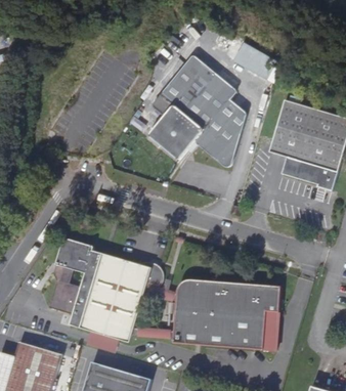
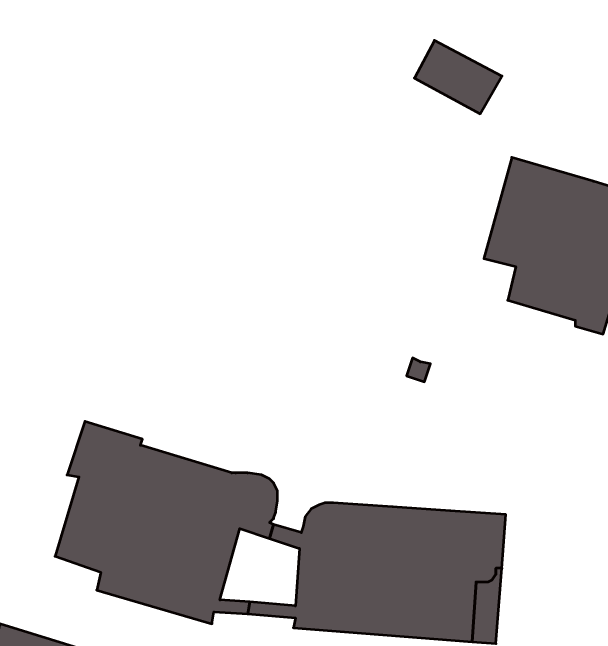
building: [152,56,247,167] -> none

